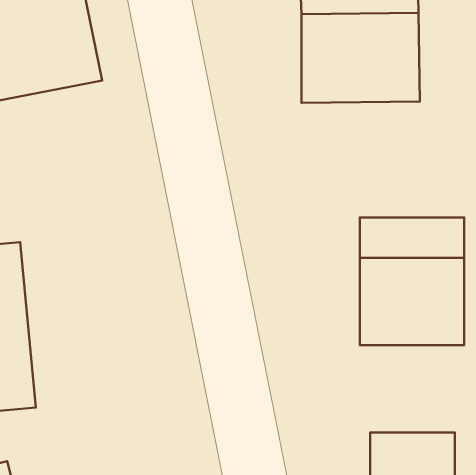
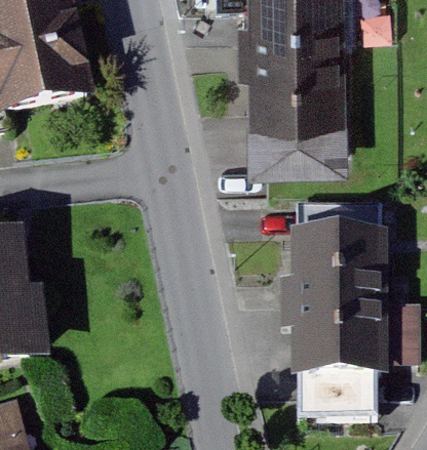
building: none -> [248,113,343,164]
building: none -> [295,304,377,373]

